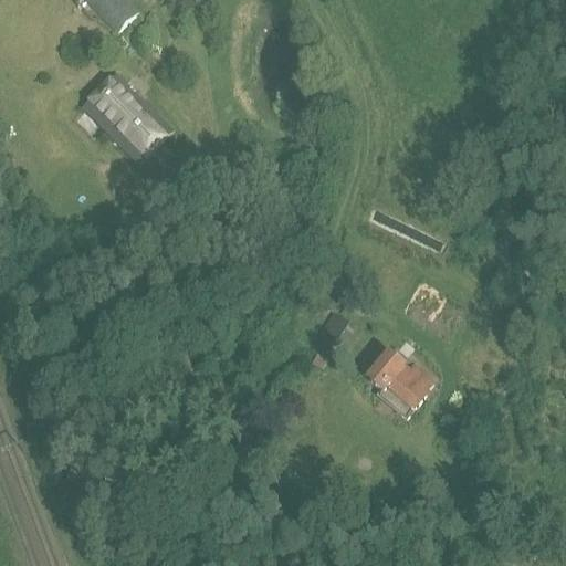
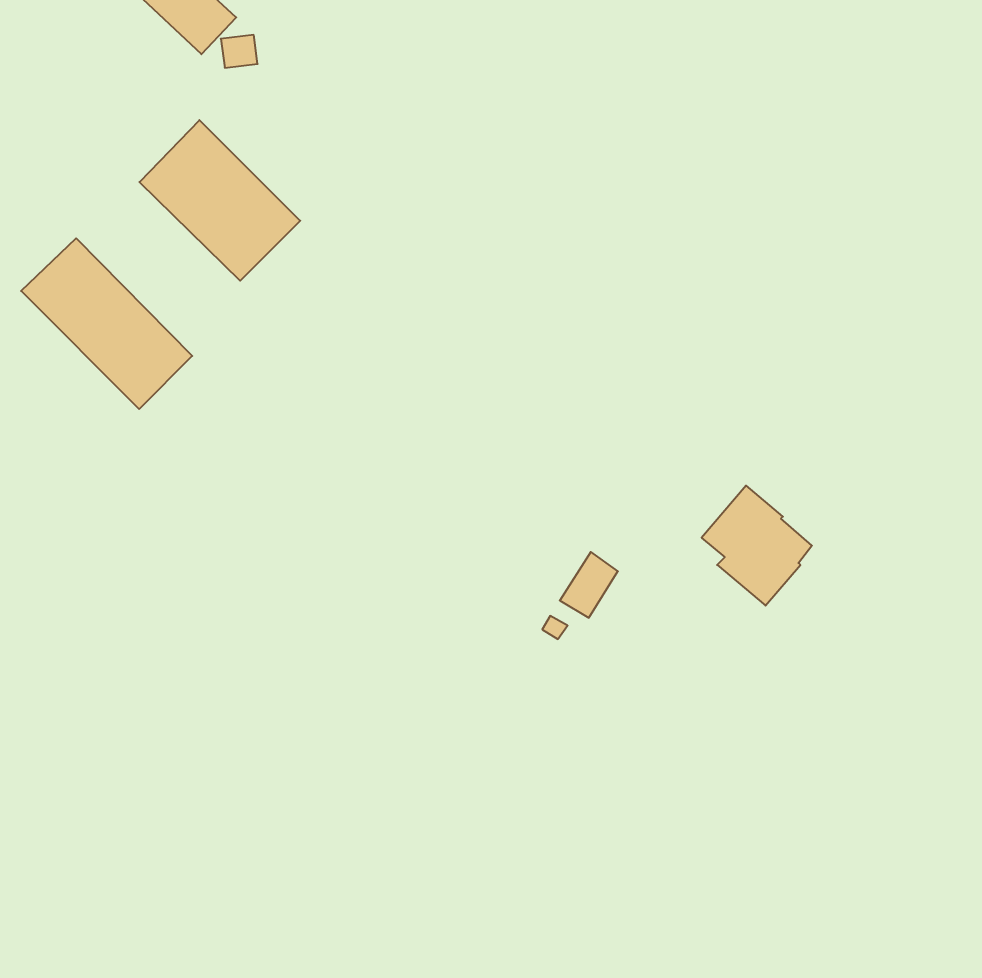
building: none -> [21,238,192,409]
building: [367,347,430,416] -> [702,486,812,606]

